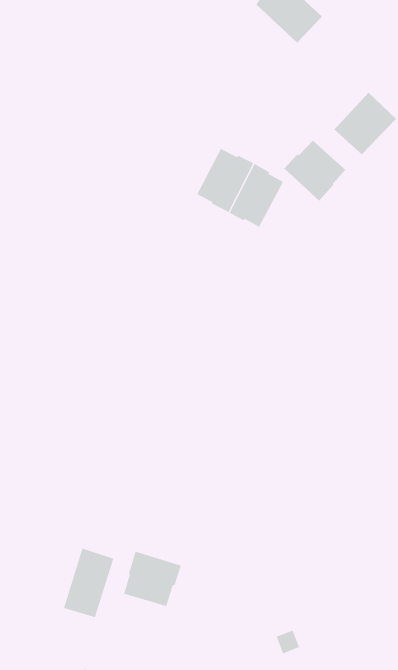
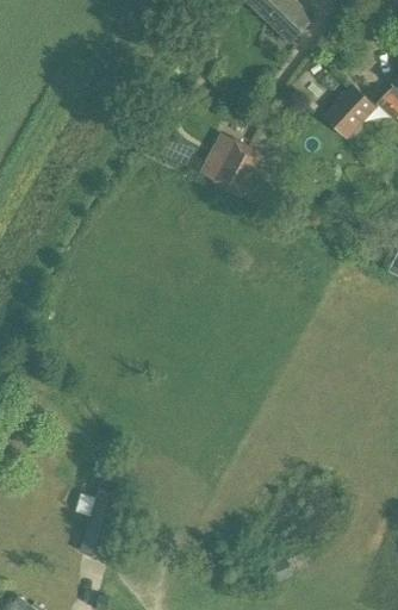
building: [283,140,346,202] -> none
building: [124,551,181,607] -> none

